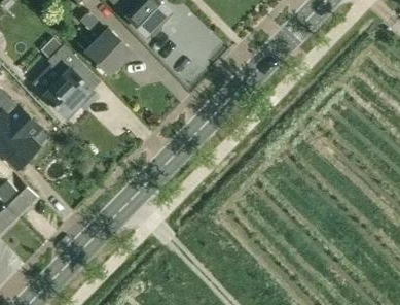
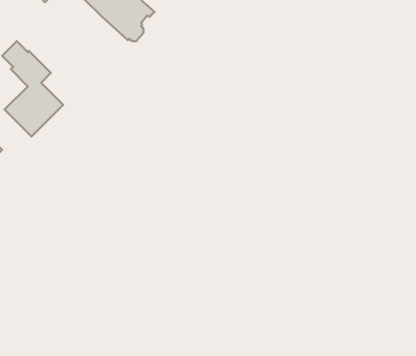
building: [79,11,132,74] -> none

